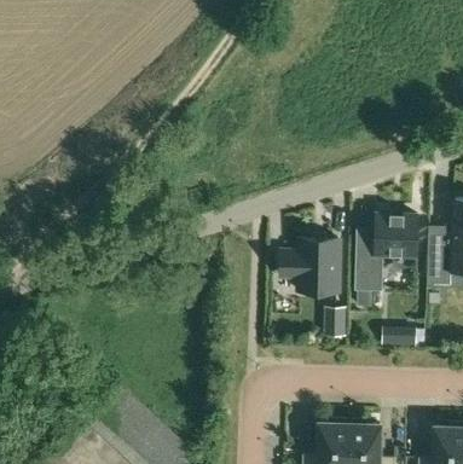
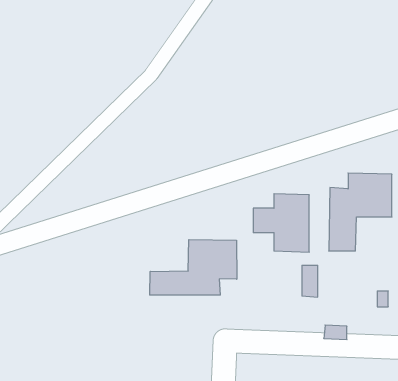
building: none -> [150,240,237,295]

